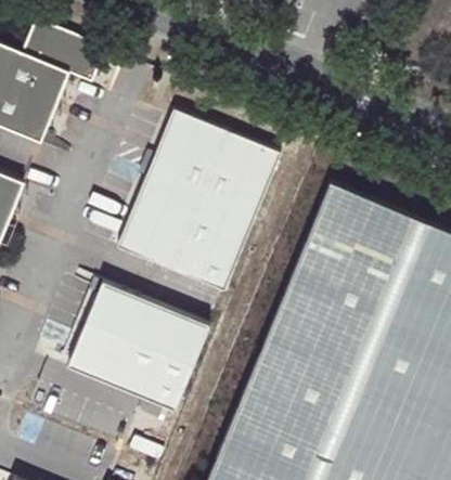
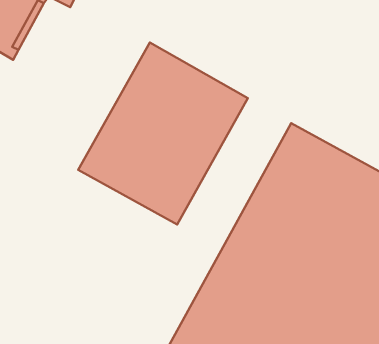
building: [69,284,211,412] -> none

